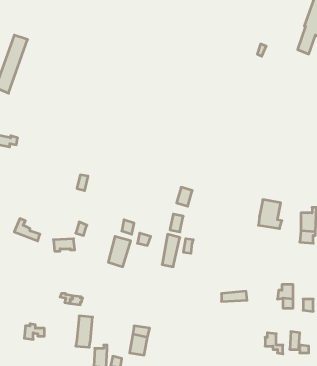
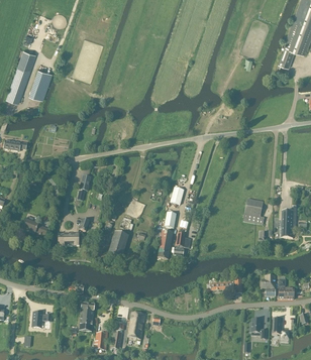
building: none -> [29,68,53,98]

